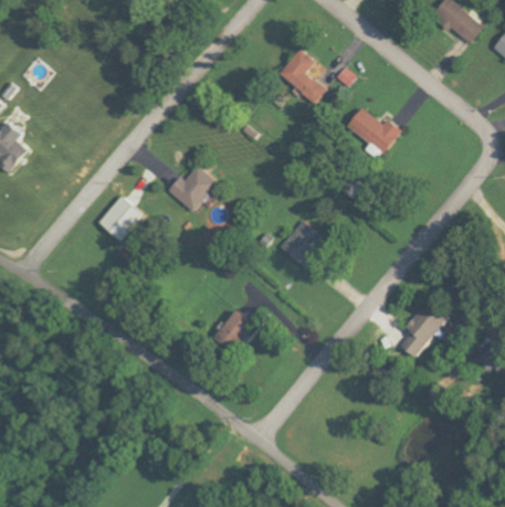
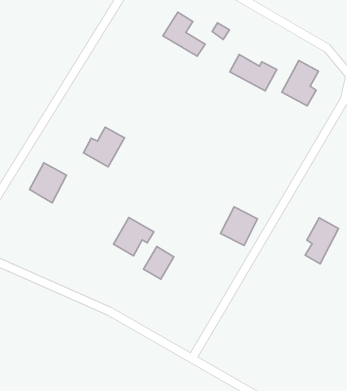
building: none -> [282,61,319,106]
building: [280,220,324,265] -> [221,207,258,246]
building: none -> [114,217,154,256]

